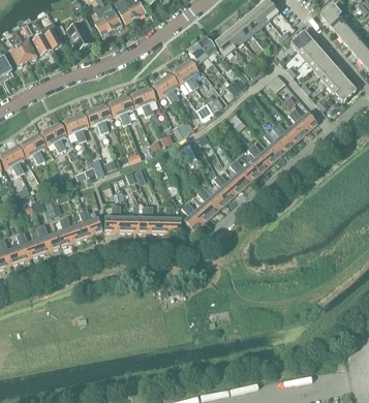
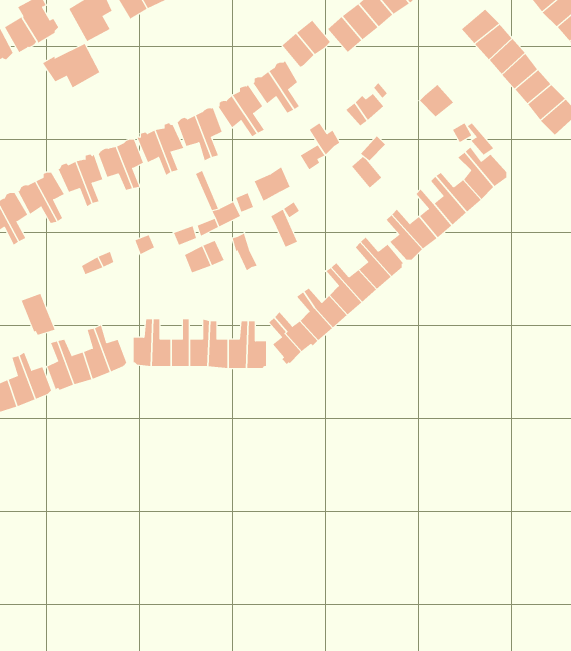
building: none -> [42,43,100,88]

